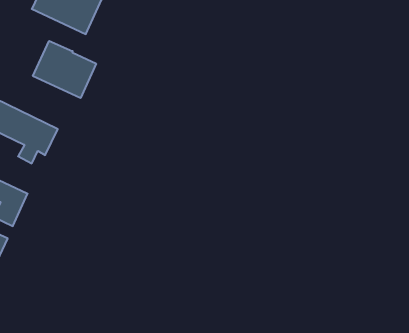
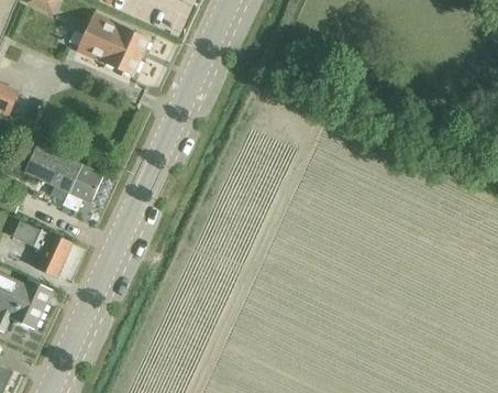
building: [33,41,96,98] -> none

